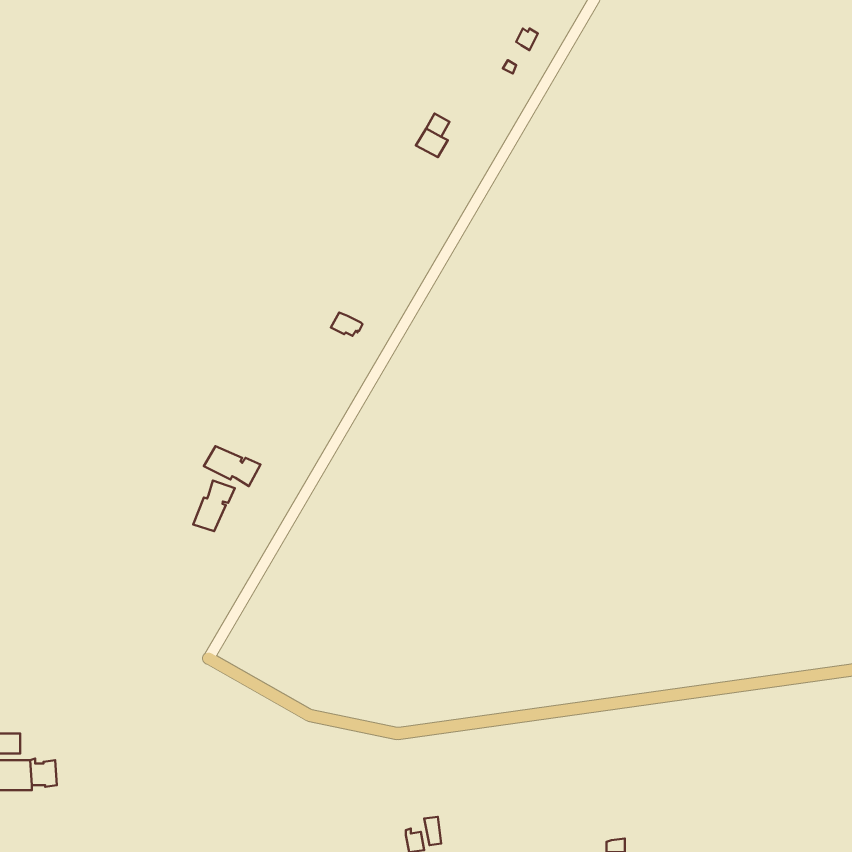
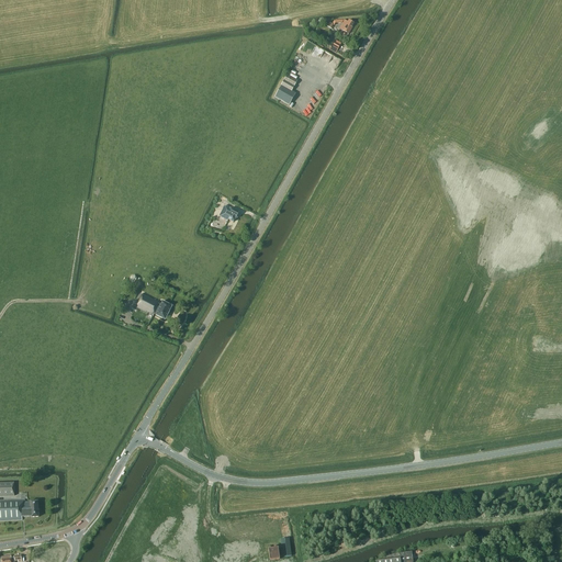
building: [193,480,235,531] -> none

